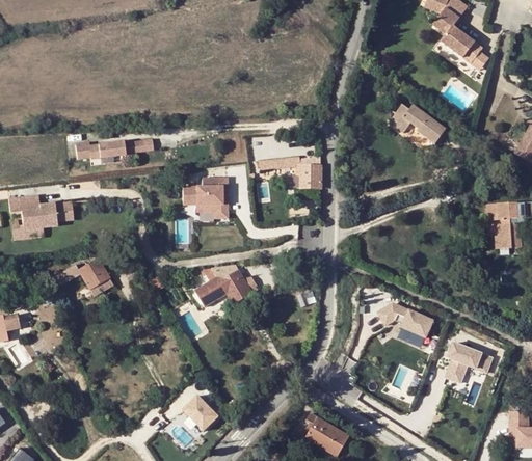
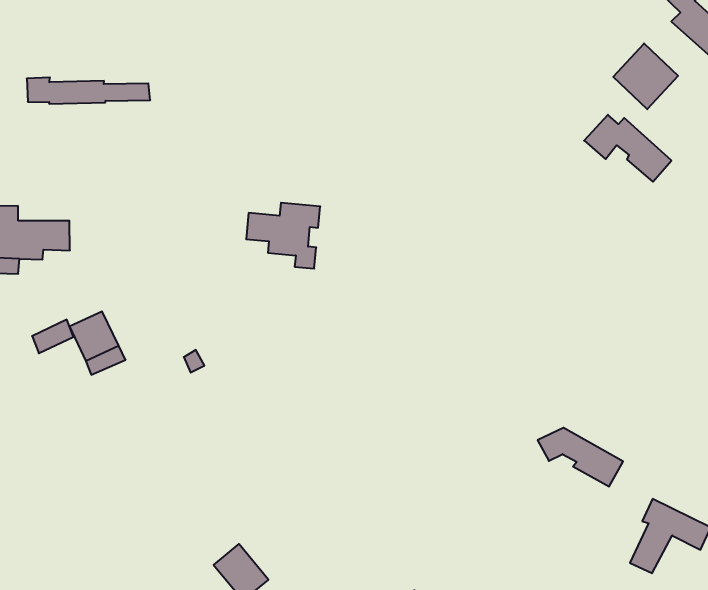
building: none -> [613,43,678,109]
building: [74,140,153,159] -> [27,77,150,104]
building: [258,157,322,190] -> none
building: [194,266,257,306] -> none

